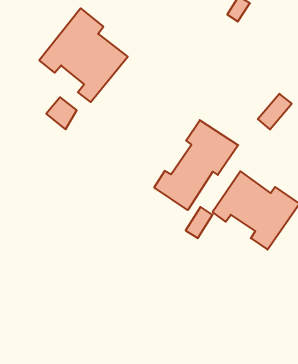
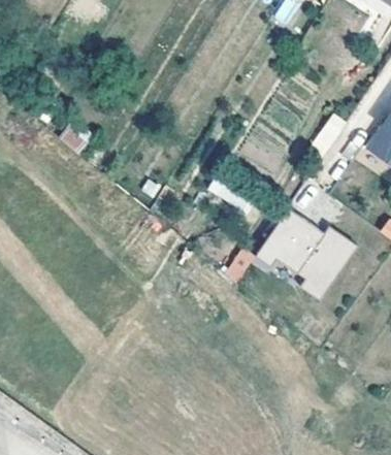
building: [39,8,128,102] -> none
building: [154,120,238,210] -> none

